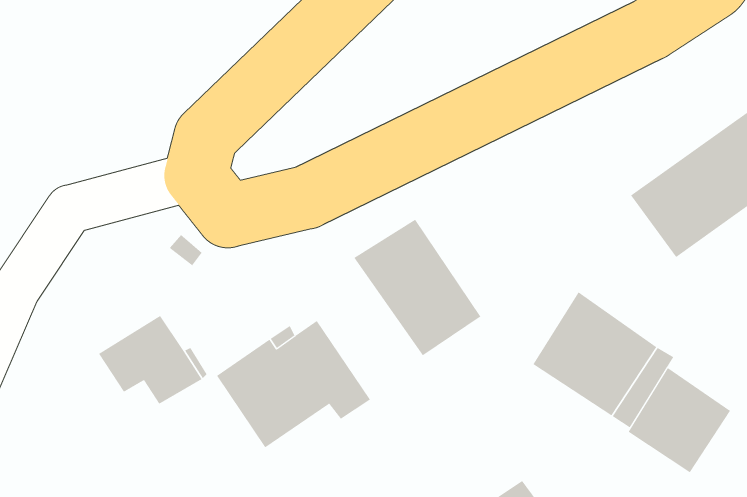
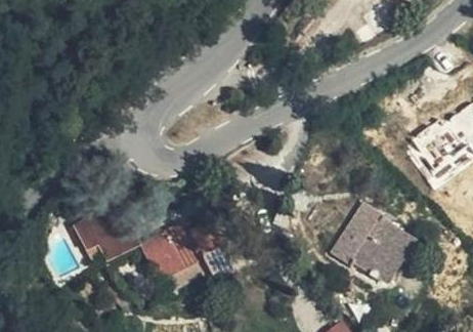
building: [354,219,481,356] -> none
building: [628,367,731,473] -> none

